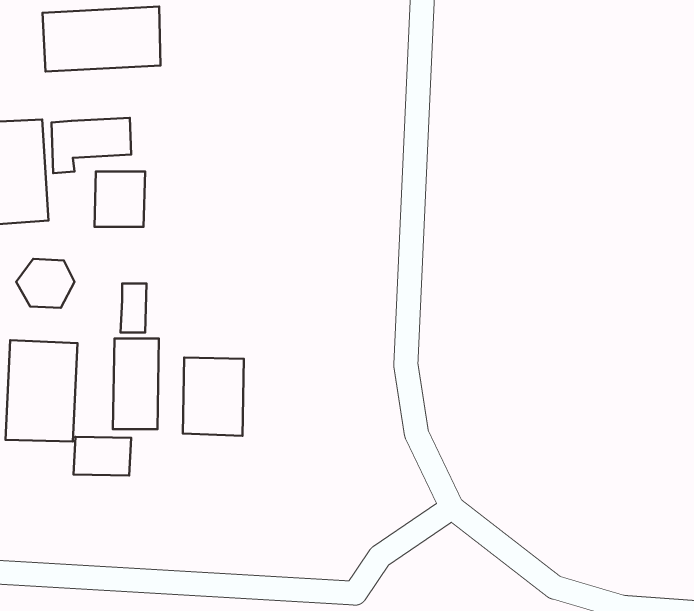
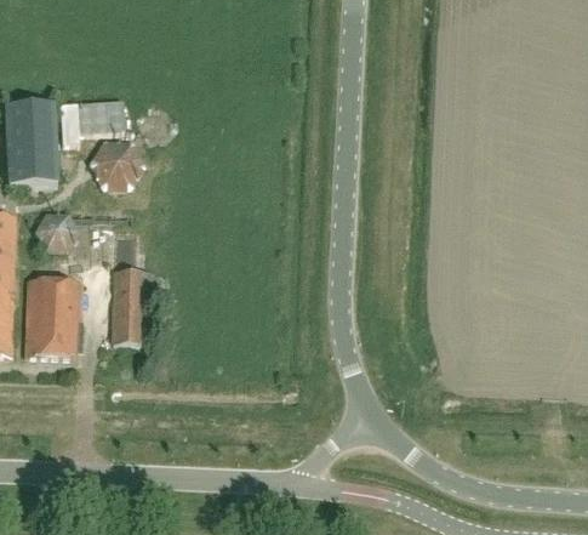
building: [42,7,160,72] -> none
building: [183,358,244,436] -> none
building: [73,437,131,475] -> none

